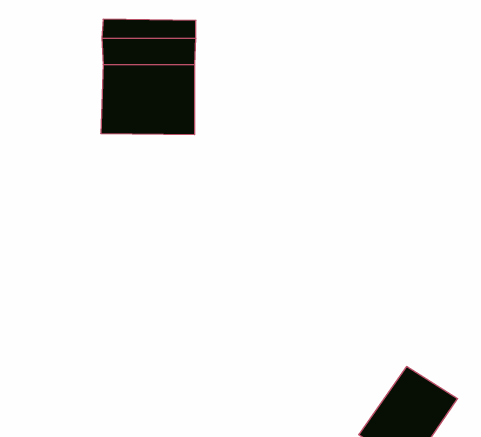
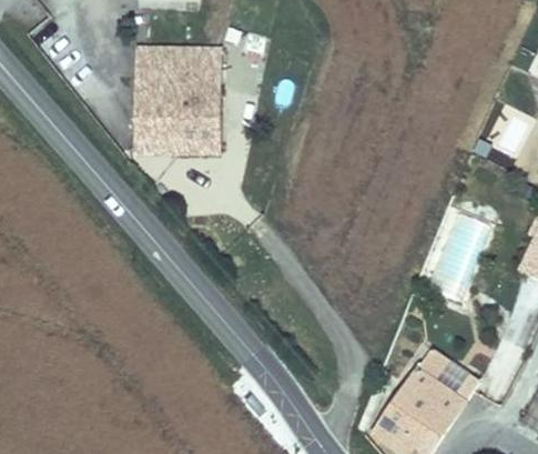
building: none -> [417,349,478,400]

